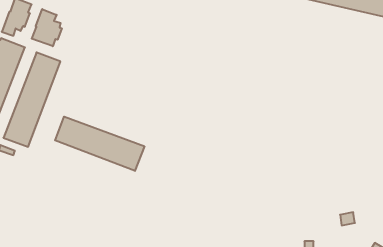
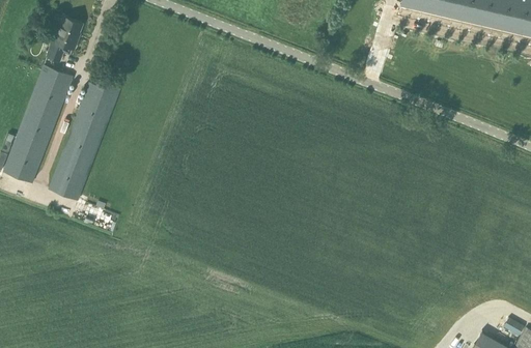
building: [32,9,62,46] -> none
building: [55,117,144,171] -> none

